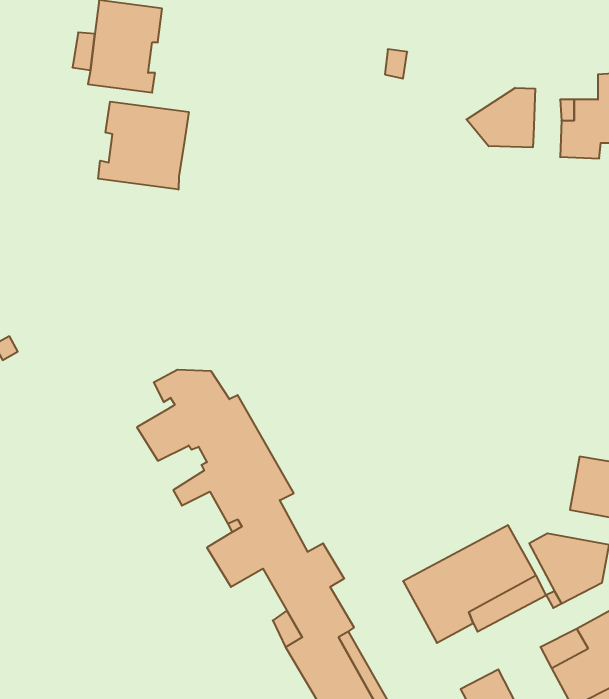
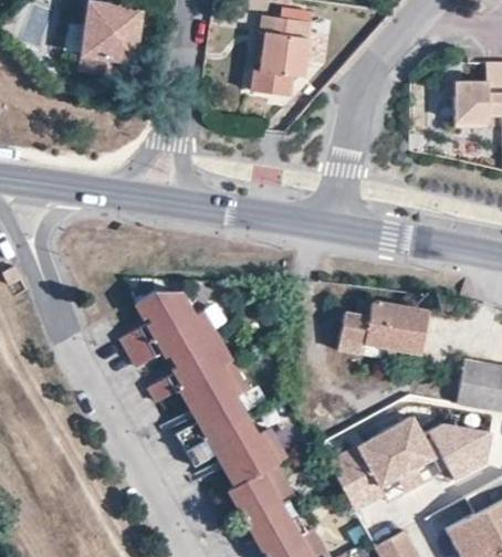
building: none -> [254,14,312,101]
building: [466,88,535,147] -> none
building: [98,102,189,190] -> none
building: none -> [339,299,430,353]

